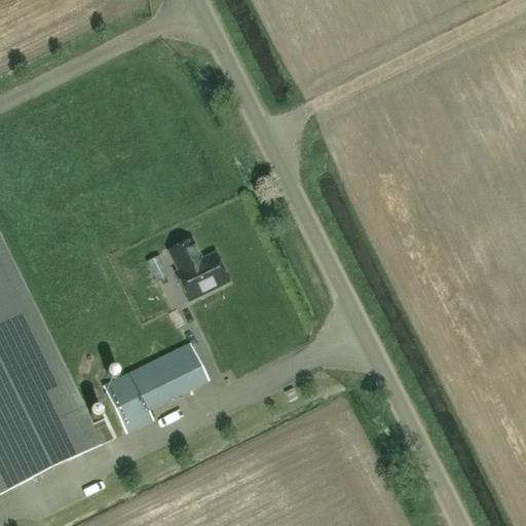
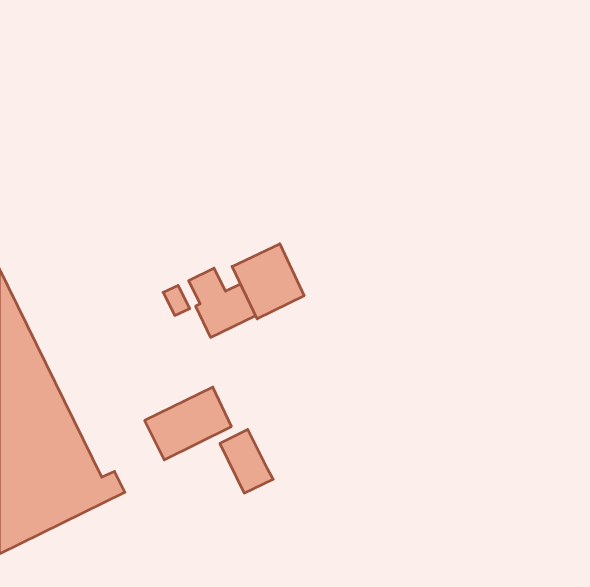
building: none -> [232,244,304,319]
building: [104,374,151,430] -> [220,429,273,493]

